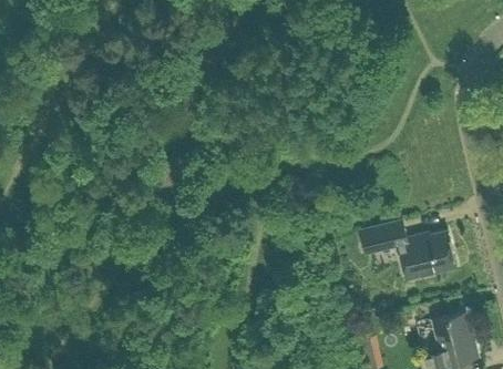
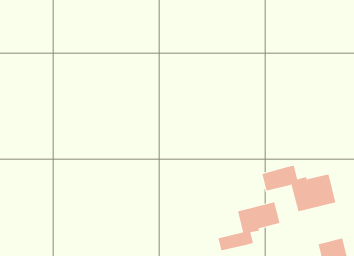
building: none -> [218,202,280,251]

